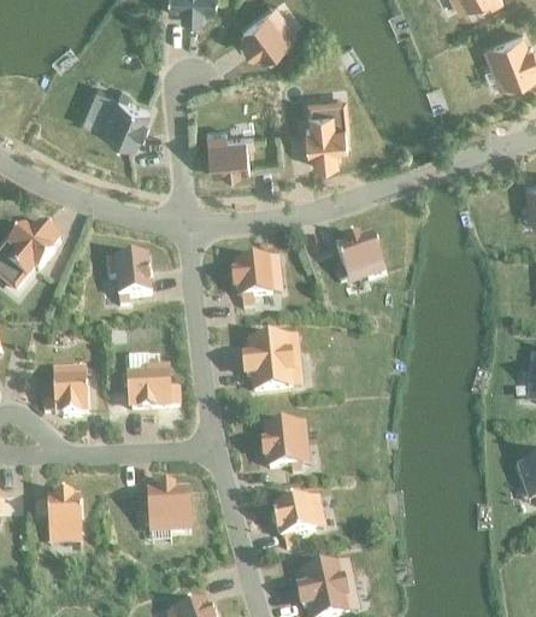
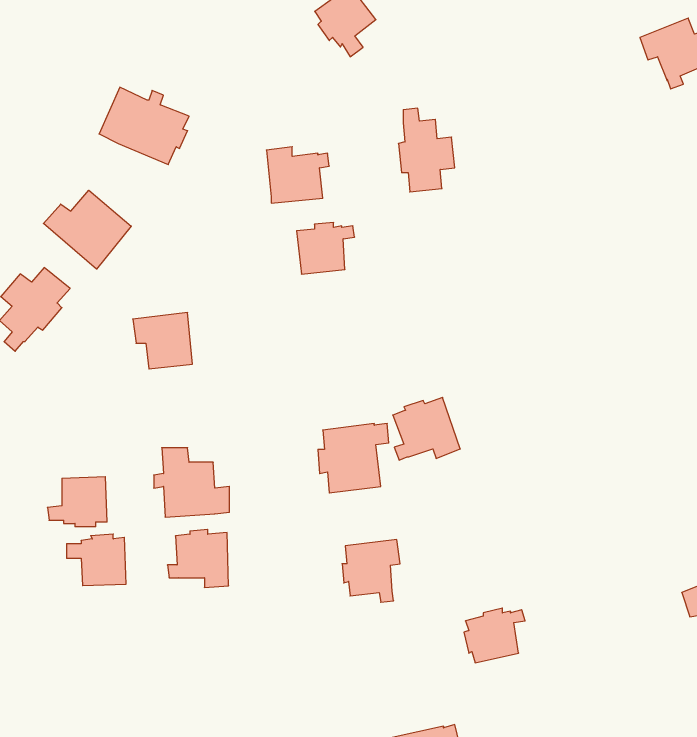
building: none -> [43,190,131,269]
building: [335,230,385,277] -> [393,397,460,460]
building: [232,255,276,294] -> [297,223,355,274]
building: [142,484,188,528] -> [167,529,229,587]
building: [36,492,81,530] -> [67,534,126,586]
building: [273,494,319,535] -> [464,608,525,663]

